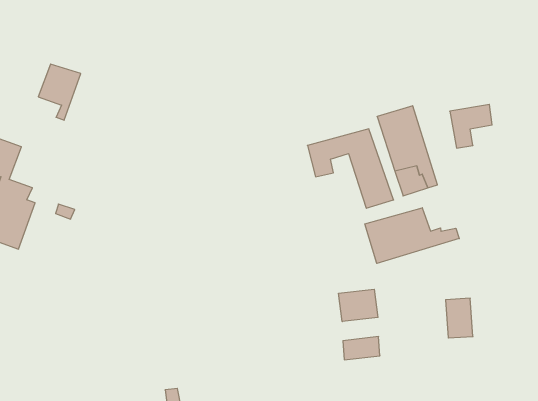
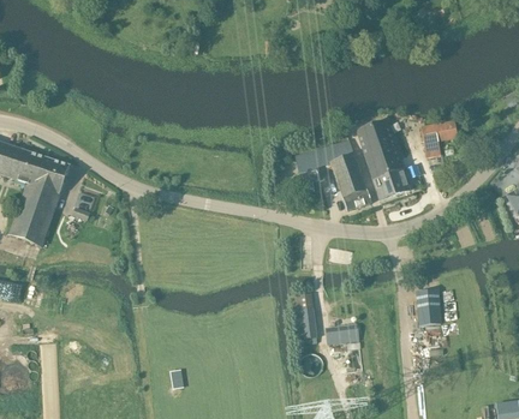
building: [38,64,81,120] -> [32,157,70,206]
building: [365,208,459,263] -> none
building: [339,289,378,322] -> none

